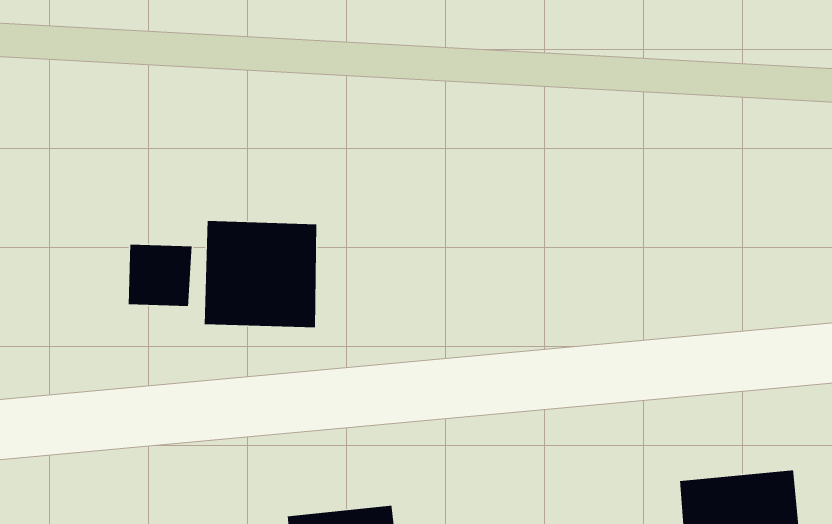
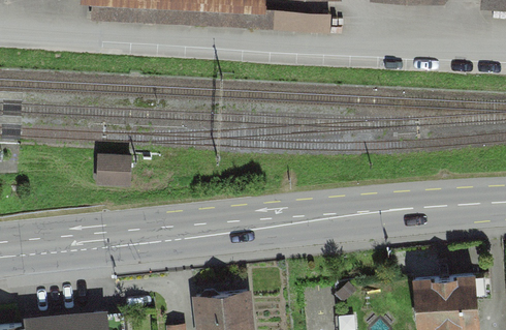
building: [204,220,317,328] -> none

